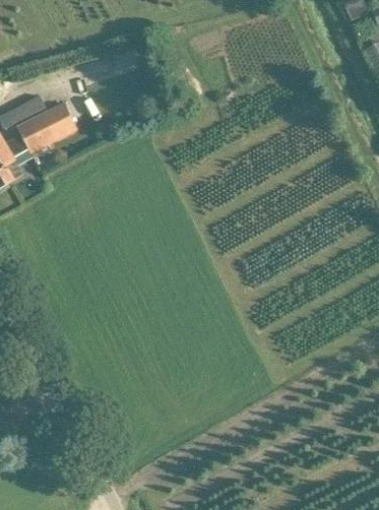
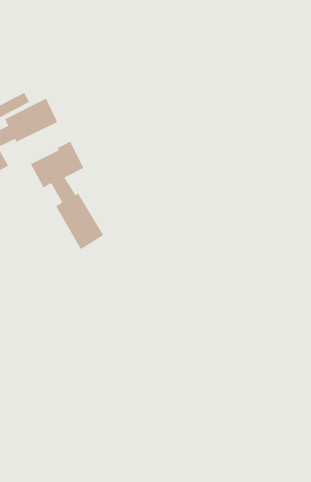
building: none -> [30,141,104,250]

